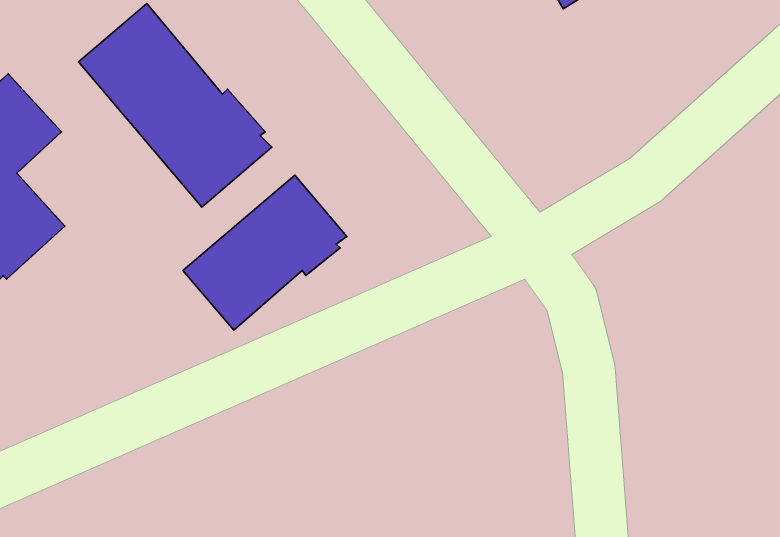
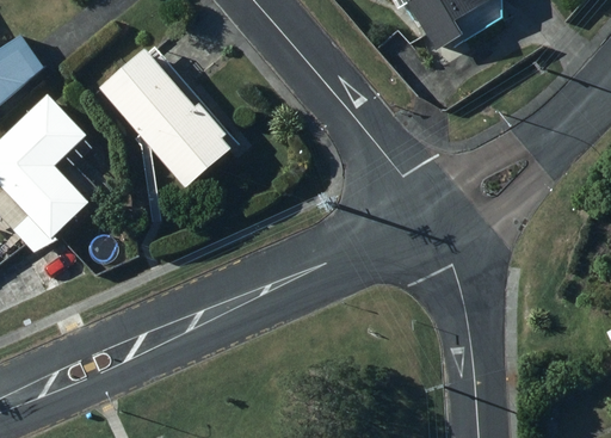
building: [183,175,347,330] -> none

